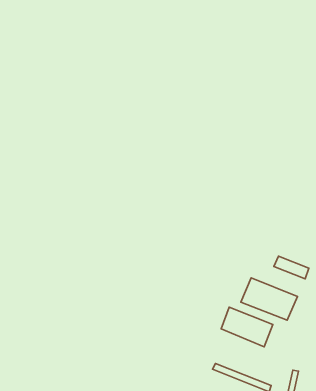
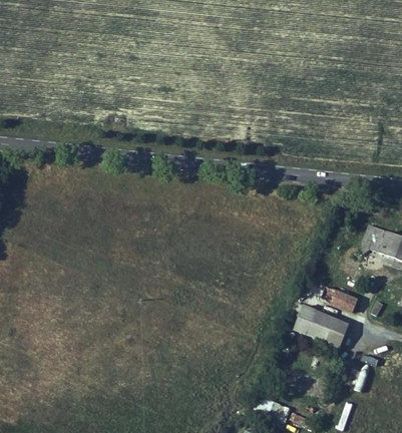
building: [221,307,273,347] -> none

